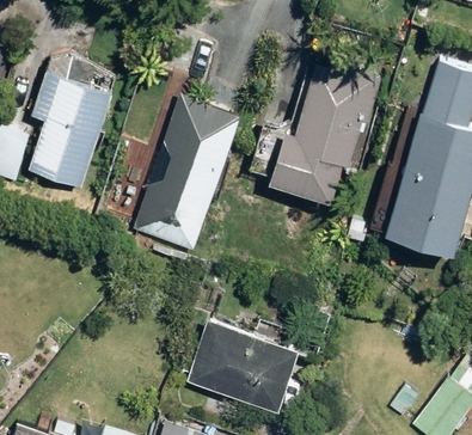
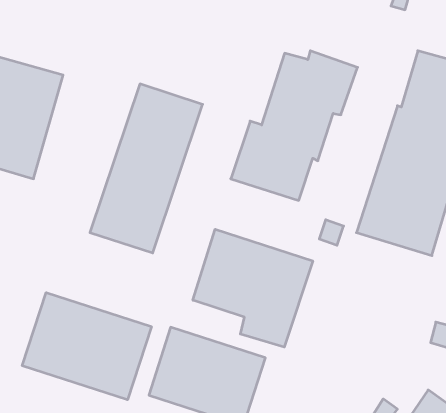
building: none -> [193,229,313,347]
building: none -> [22,293,151,400]

